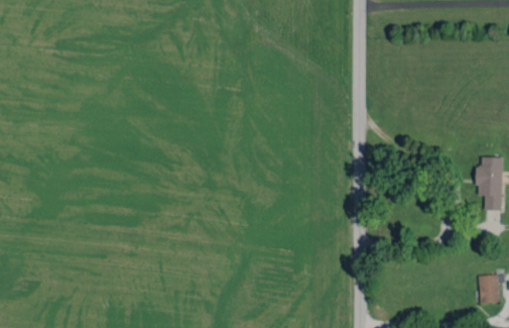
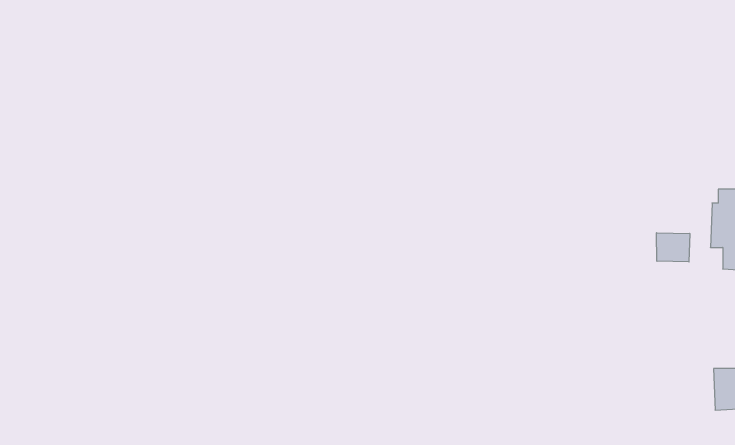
building: none -> [657,233,690,262]

